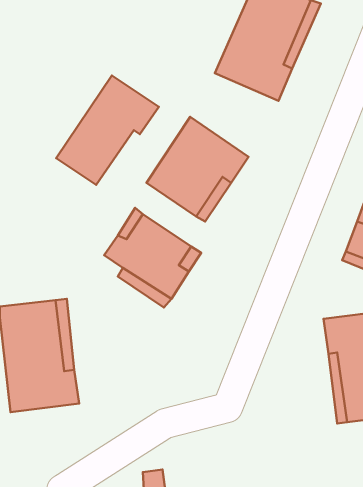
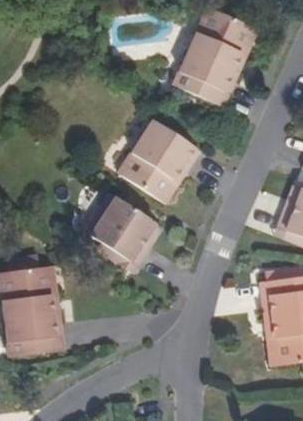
building: [56,76,159,185] -> none

